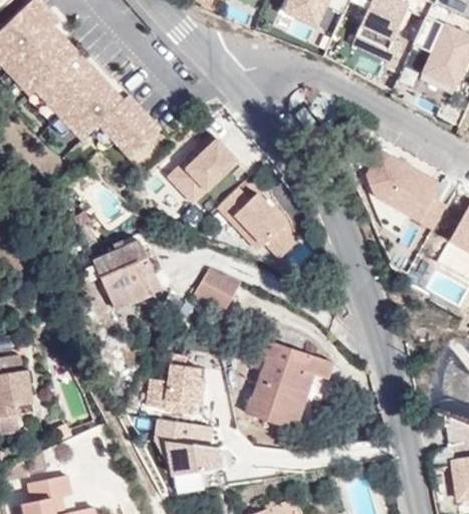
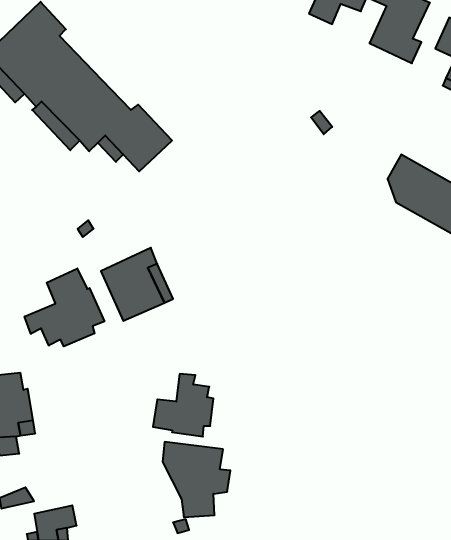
building: [169,142,238,210] -> none
building: [216,190,293,259] -> none
building: none -> [25,268,104,346]
building: [190,271,237,315] -> none
building: [246,337,333,428] -> none

